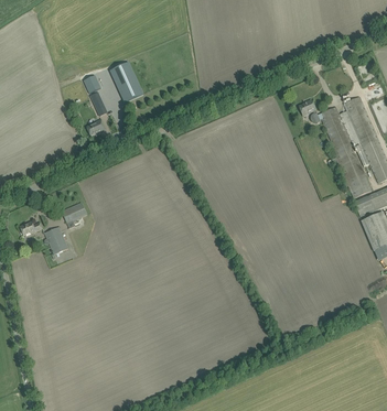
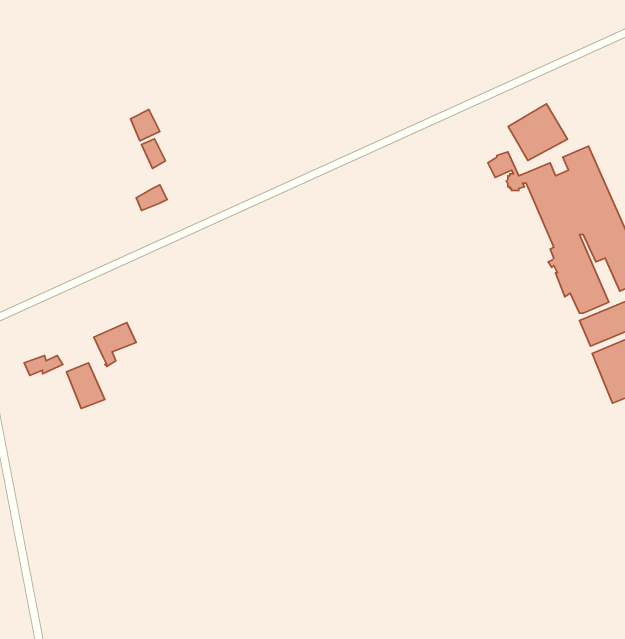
building: [110,62,143,102] -> none
building: none -> [508,104,567,160]

